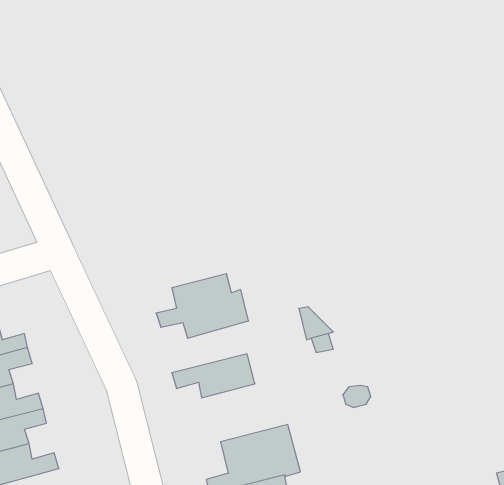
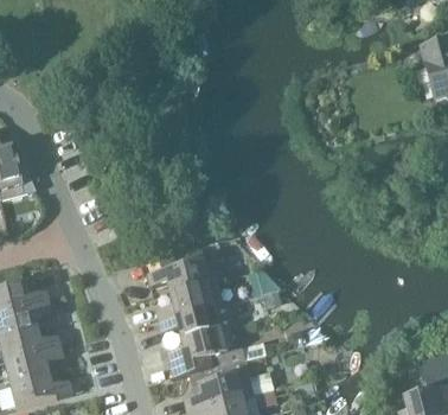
building: none -> [156,281,223,320]
building: none -> [168,327,247,378]

